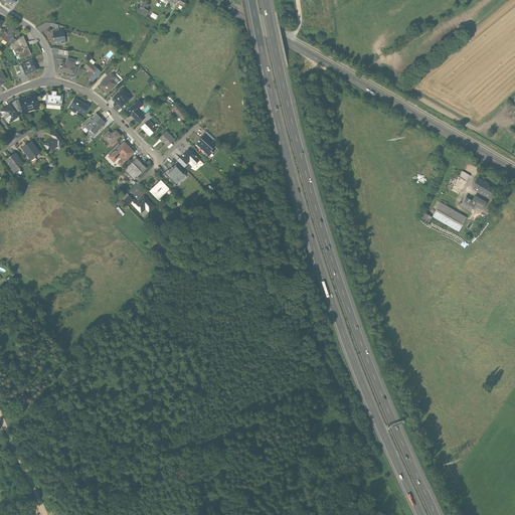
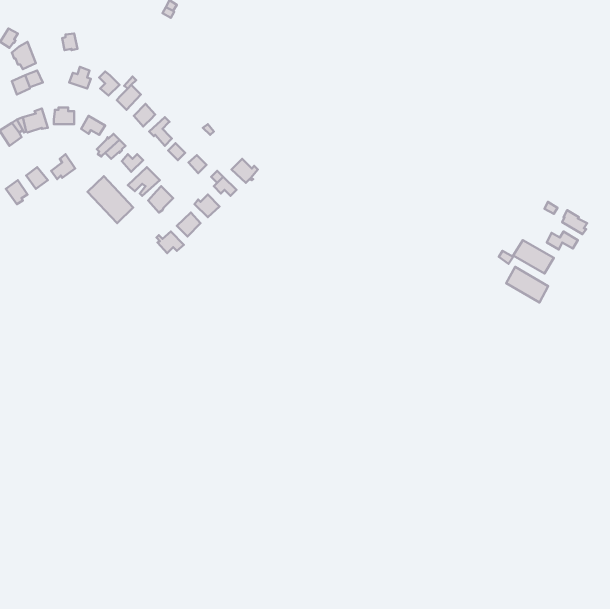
building: none -> [88,176,133,223]
building: none -> [506,267,548,302]

